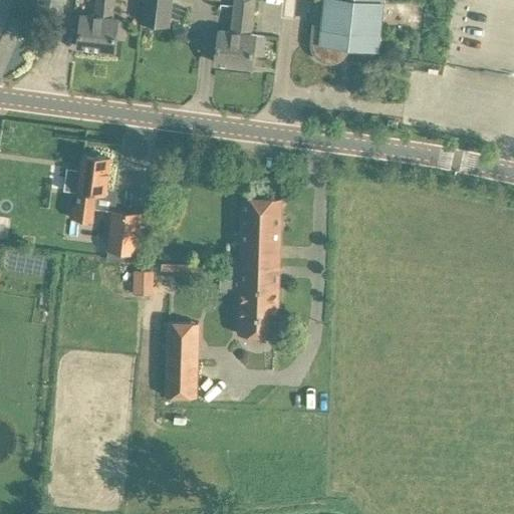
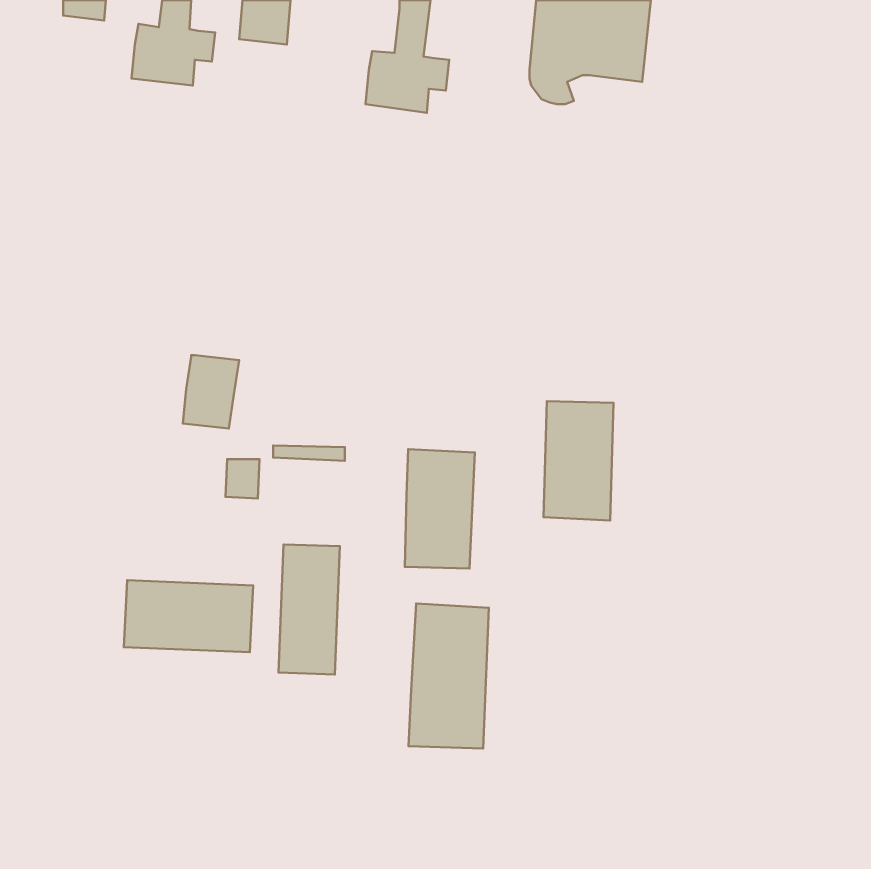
building: [63,156,109,221] -> none
building: [240,198,281,268] -> [544,401,614,521]
building: none -> [124,580,253,652]
building: none -> [408,603,489,749]

